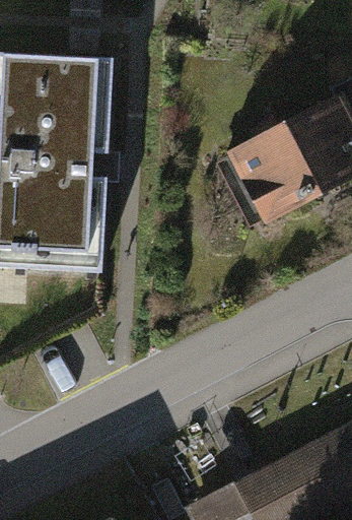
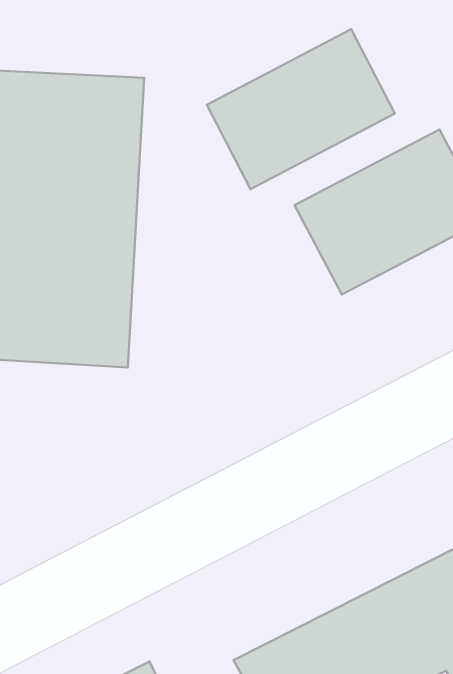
building: none -> [207,29,395,189]

